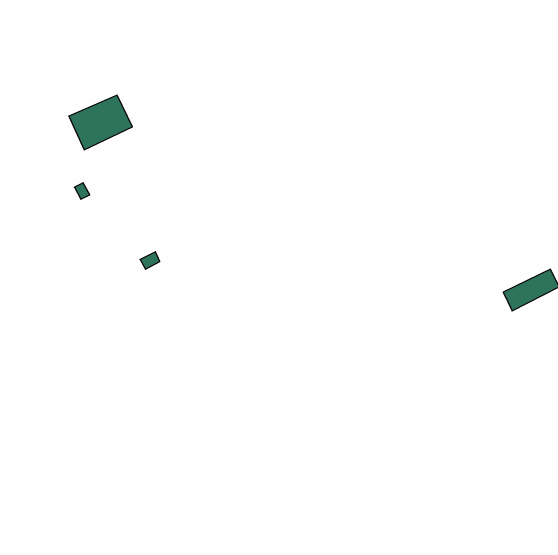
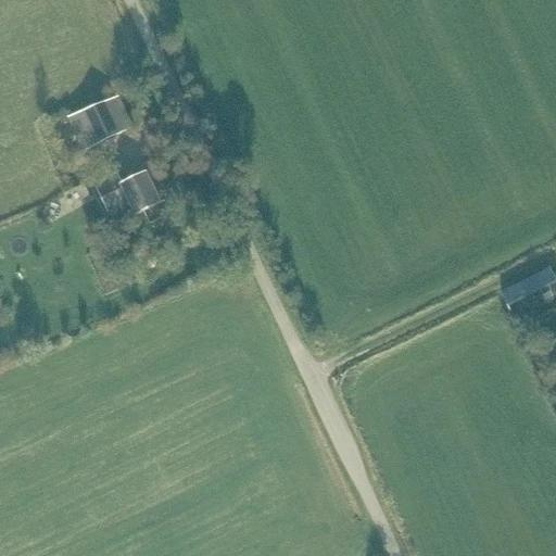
building: none -> [97,172,160,213]

